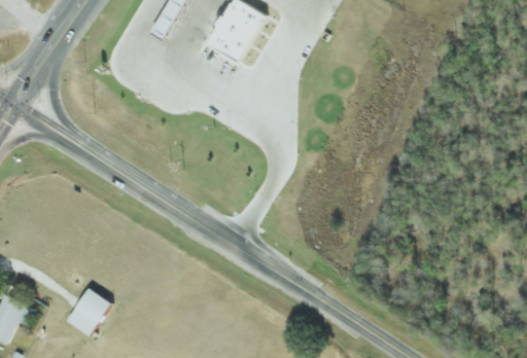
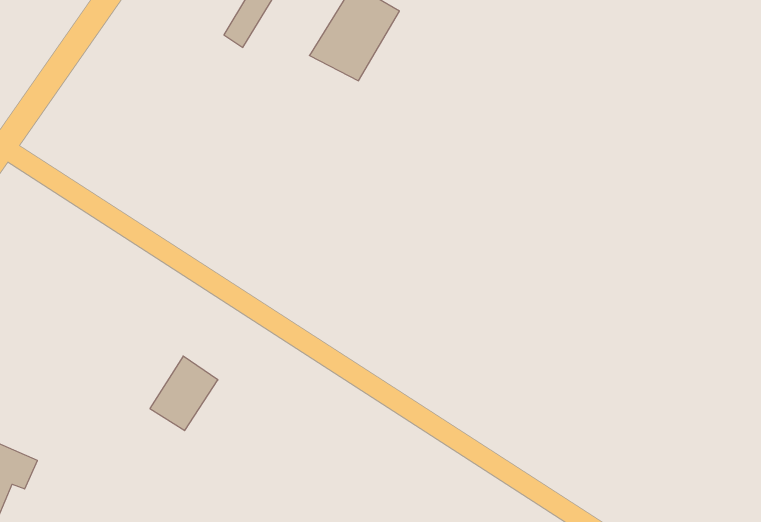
building: [66,287,110,335] -> [150,356,218,431]

